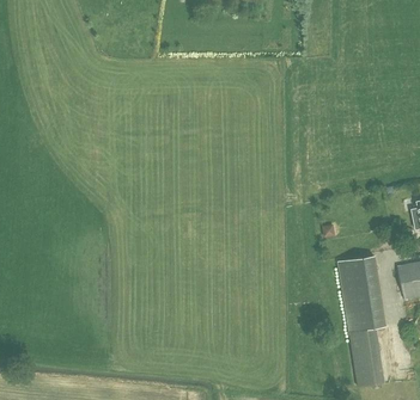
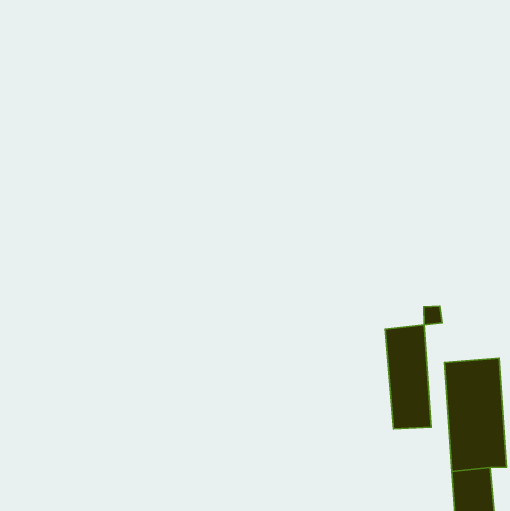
building: none -> [385,325,431,429]

